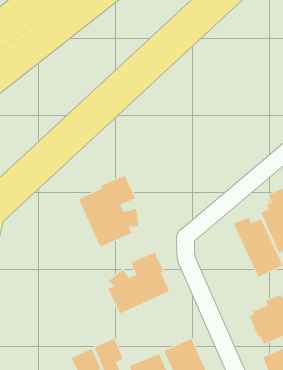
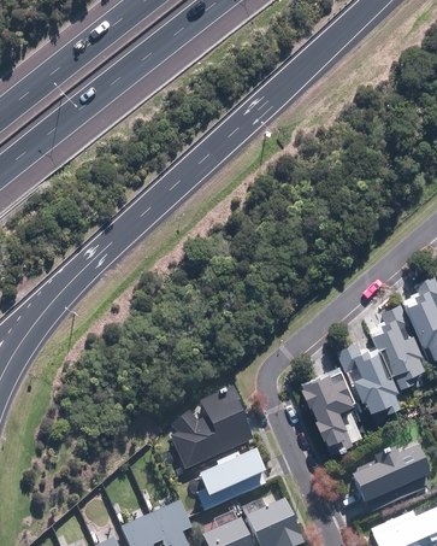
building: [78,175,139,248] -> none
building: none -> [299,366,354,453]
building: none -> [191,452,267,511]

